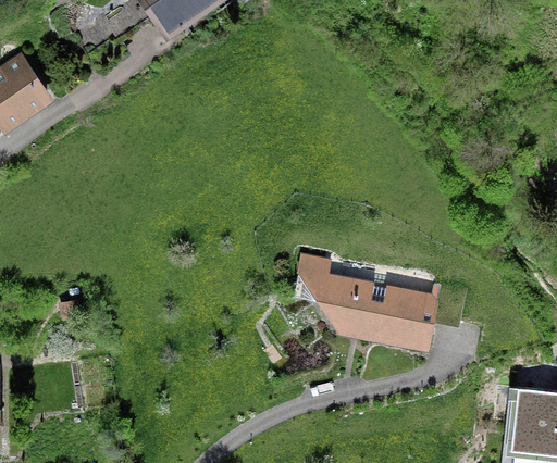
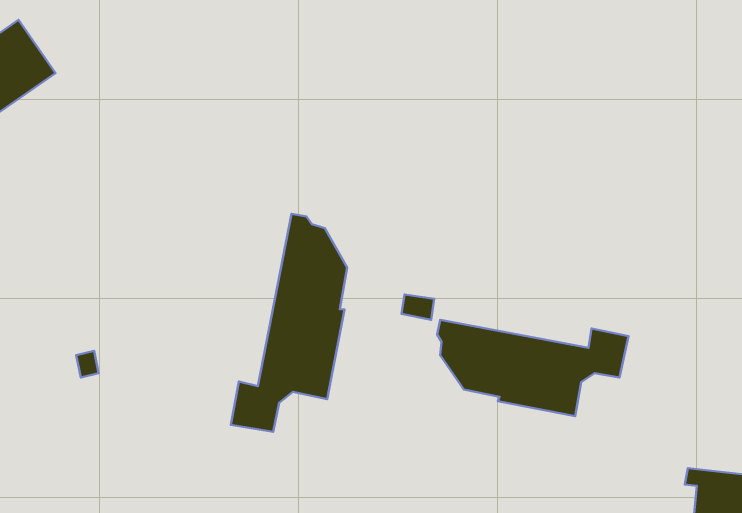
building: none -> [231,214,347,432]

